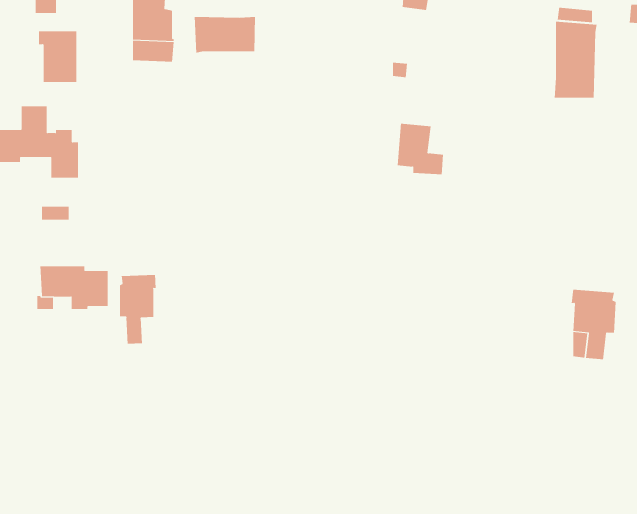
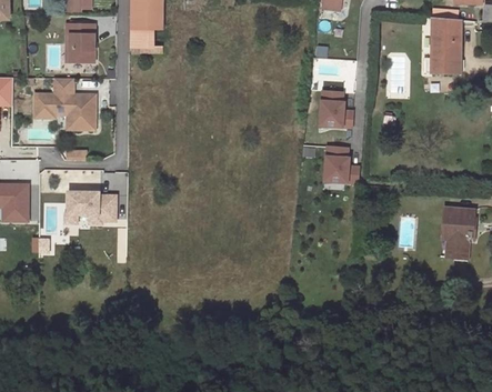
building: [194,16,256,53] -> none
building: none -> [324,147,360,183]
building: [120,274,156,345] -> none

